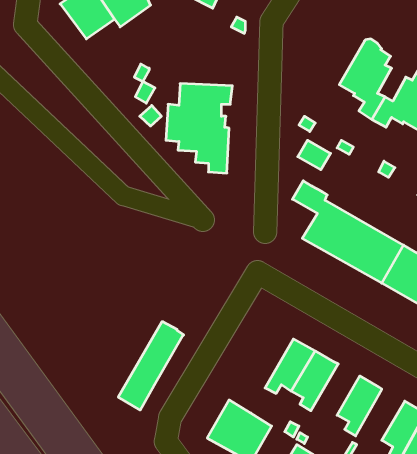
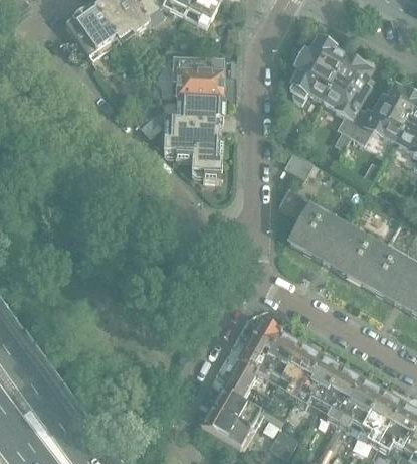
building: none -> [293,39,346,101]
building: none -> [172,56,222,97]
building: [118,322,184,410] -> [221,319,281,401]
building: none -> [296,355,342,405]
building: none -> [338,378,383,434]

